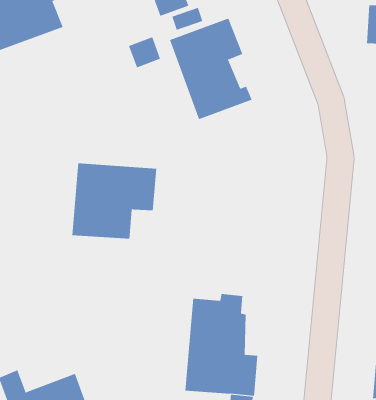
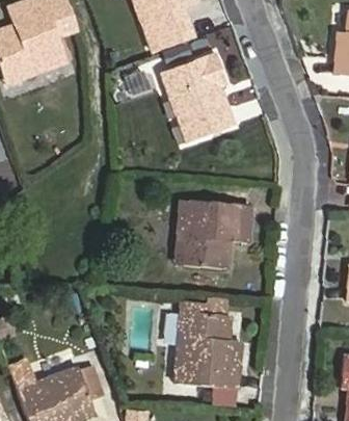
building: [72,163,157,239] -> [176,200,251,267]

